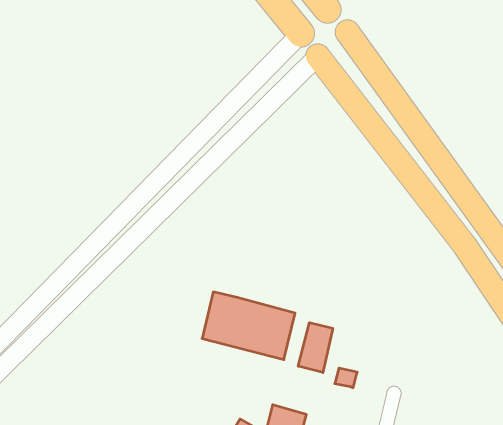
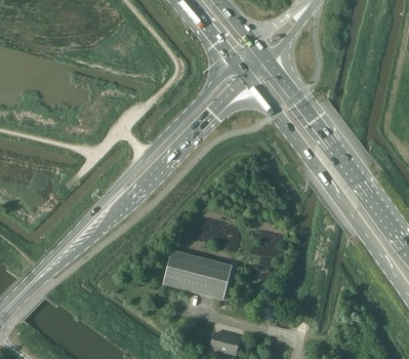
building: [298,323,333,373] -> none

